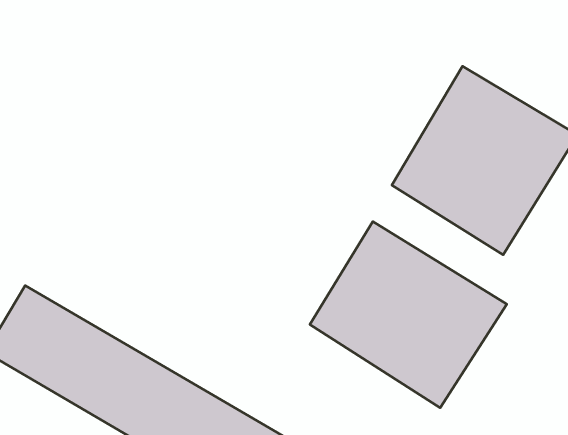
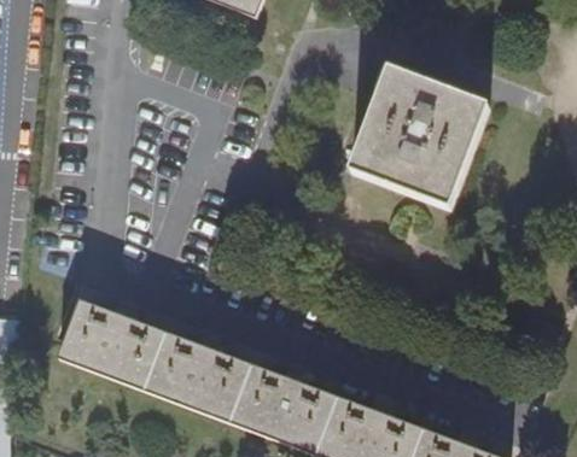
building: [310,221,507,408] -> none

